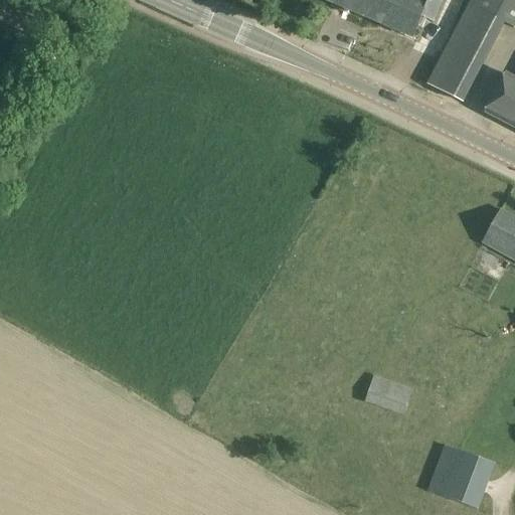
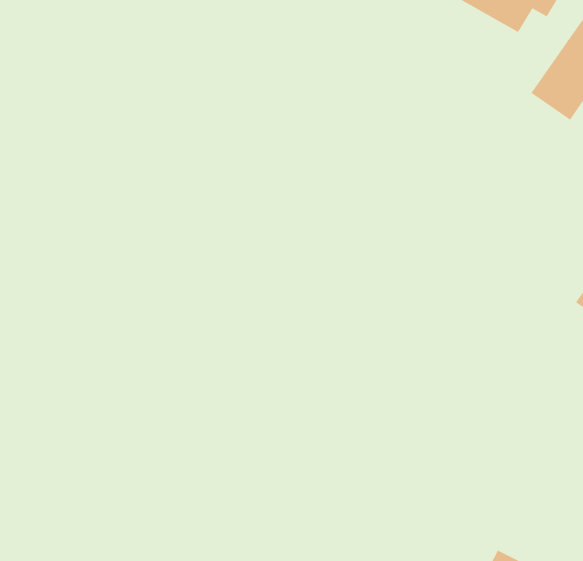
building: [365,373,412,413] -> none

